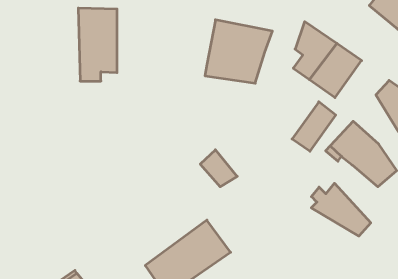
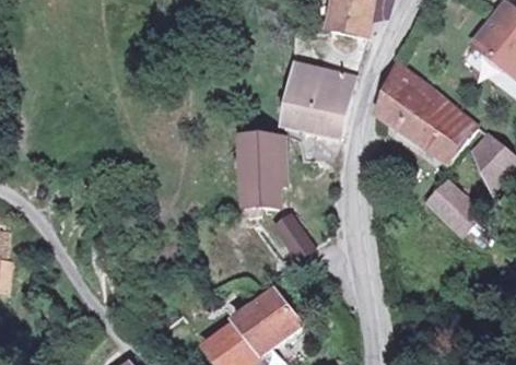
building: [78,8,117,81] -> [231,131,275,215]
building: [292,102,336,151] -> [429,108,479,165]
building: [311,183,371,236] -> none

